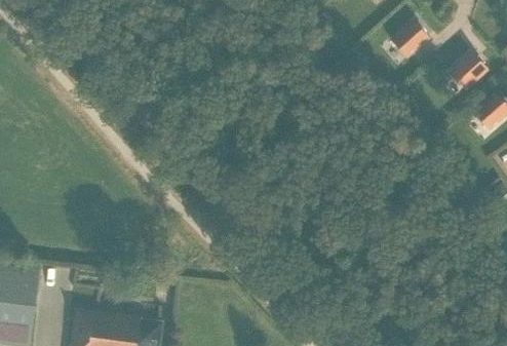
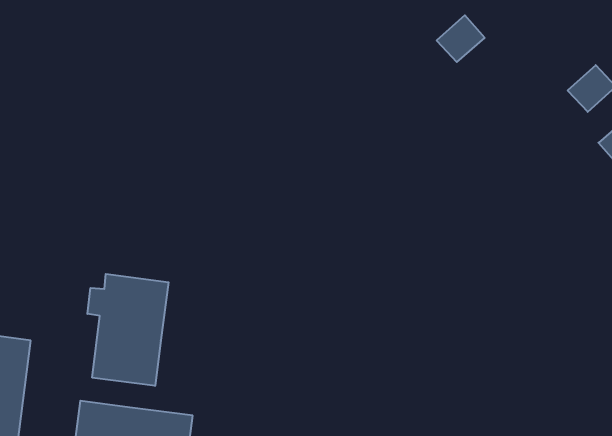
building: [391,22,428,57] -> [437,15,485,62]
building: none -> [87,274,169,386]

